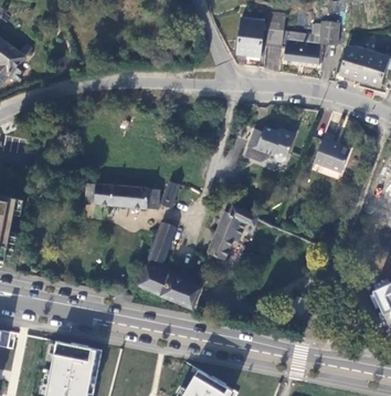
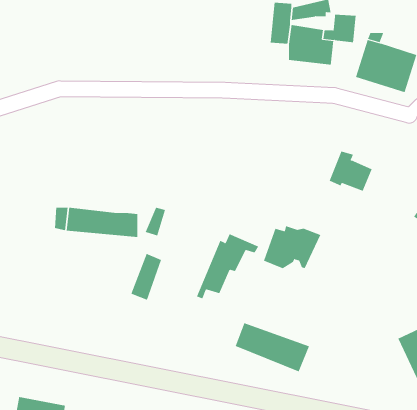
building: [233,17,264,62] -> none
building: [249,124,297,160] -> [263,226,321,269]
building: [137,264,200,306] -> [235,322,310,372]

